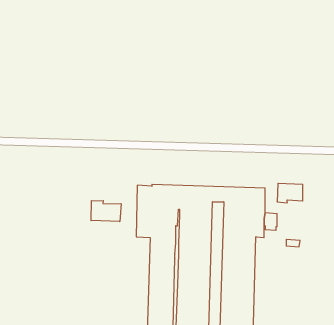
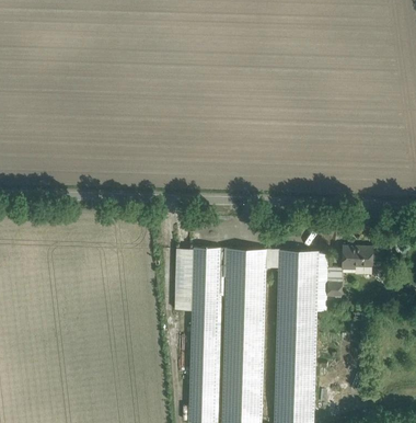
building: [91,201,121,222] -> none

